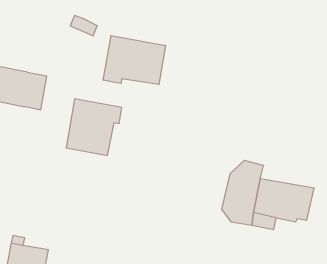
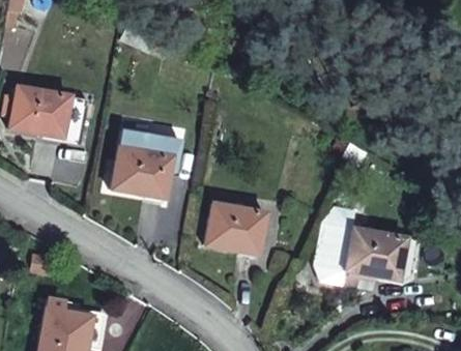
building: [103,35,166,85] -> none
building: none -> [205,202,266,252]

